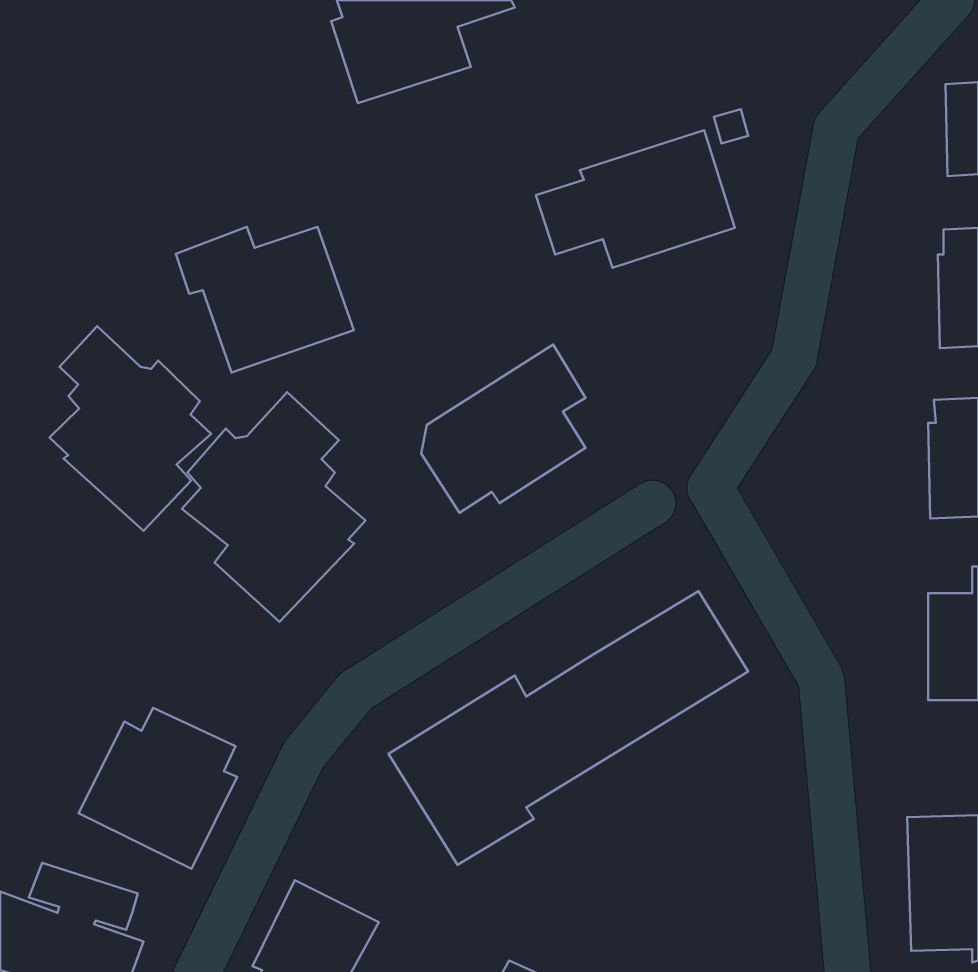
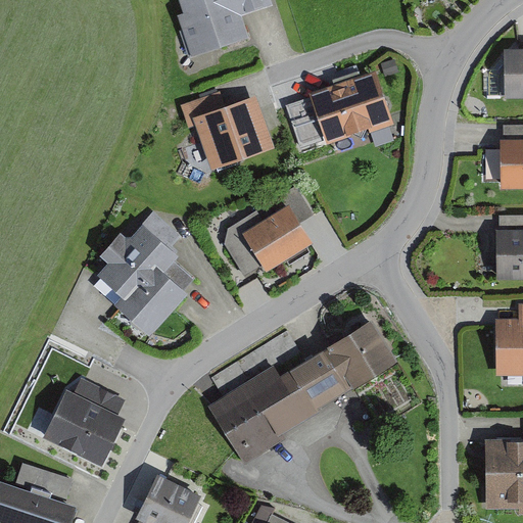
building: [176,227,354,372] -> [182,93,277,171]
building: [49,326,211,531] -> none

